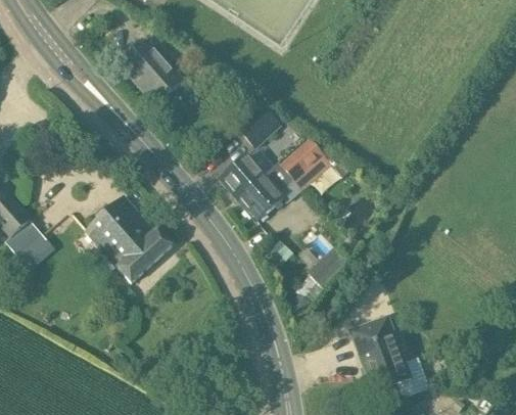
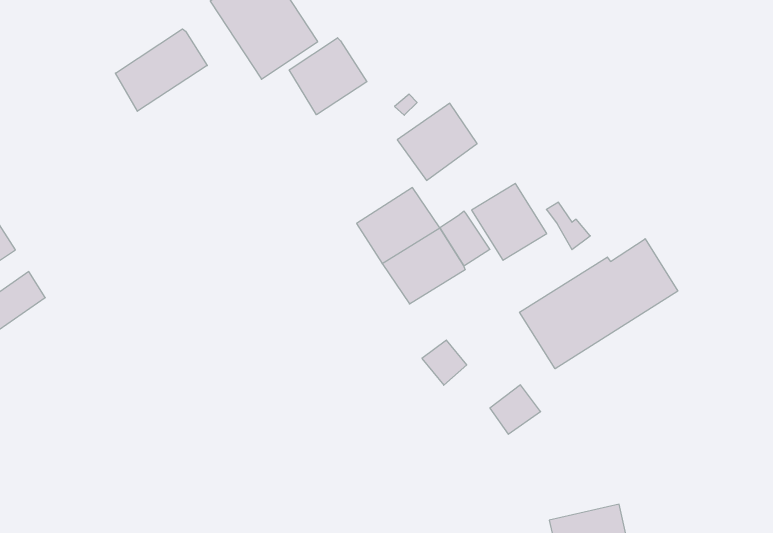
building: none -> [289,38,367,115]
building: none -> [115,29,207,111]
building: none -> [520,239,678,369]
building: [85,195,172,281] -> none

